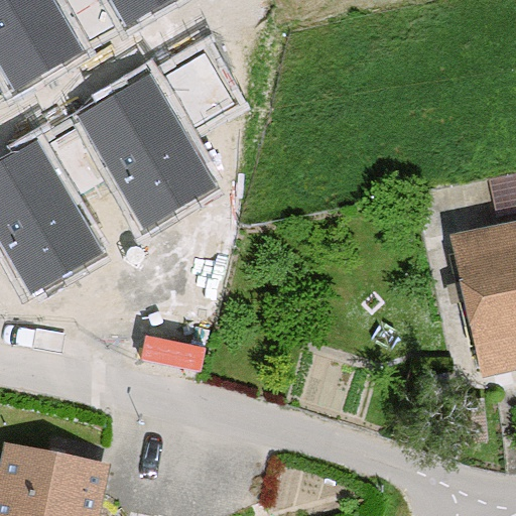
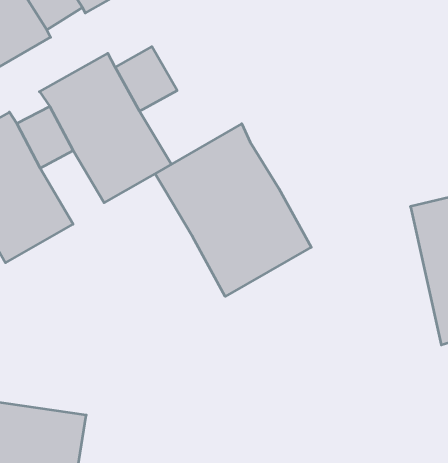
building: none -> [155,124,311,296]

